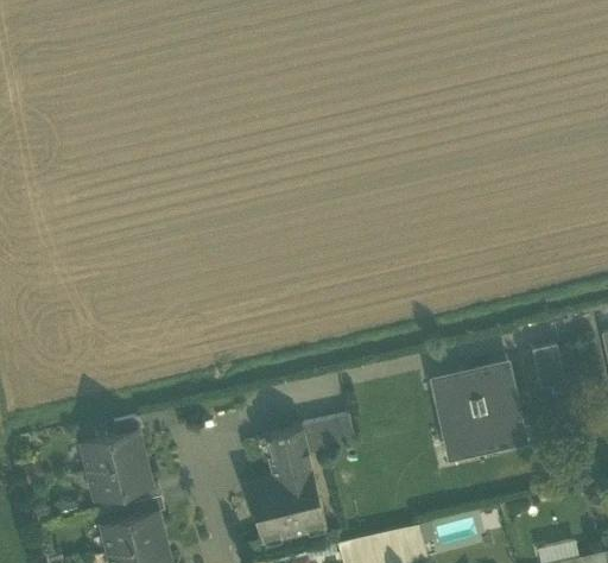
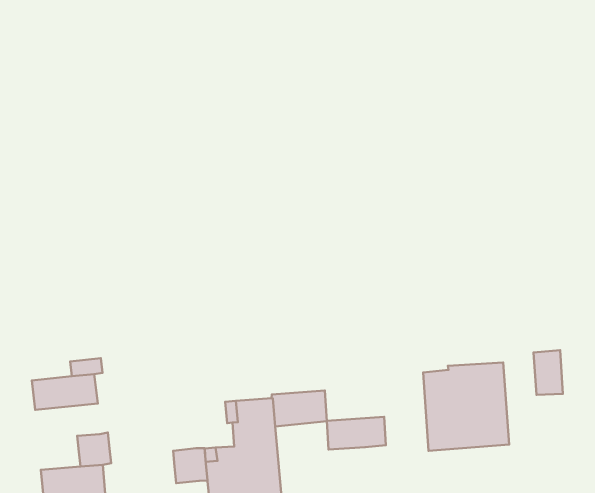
building: none -> [327,417,386,449]
building: [88,460,150,500] -> none
building: none -> [173,448,207,483]

